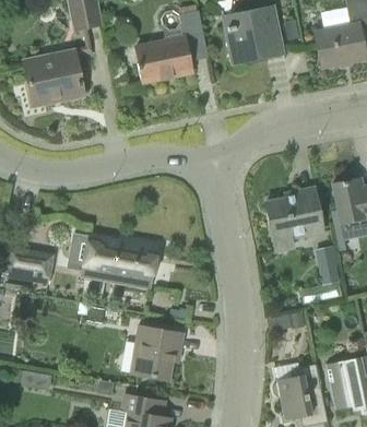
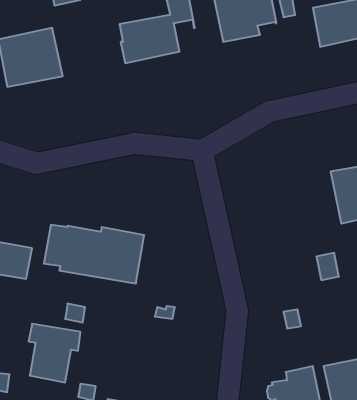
building: [264,188,322,250] -> none
building: [134,325,182,380] -> [29,324,80,383]

